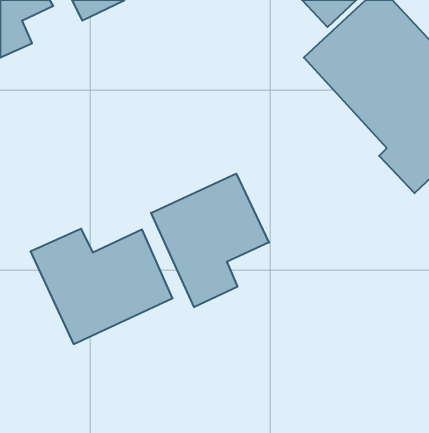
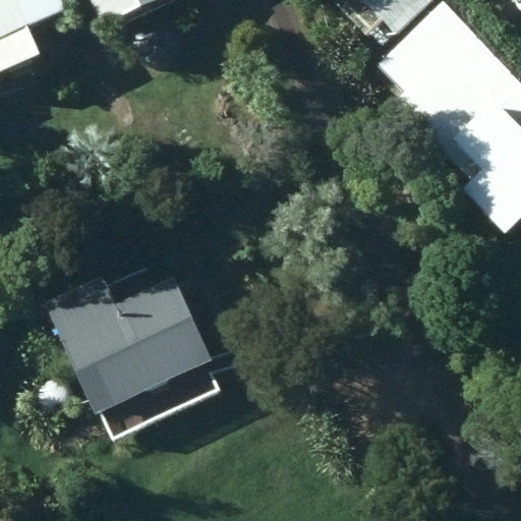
building: [151,174,269,307] -> none

